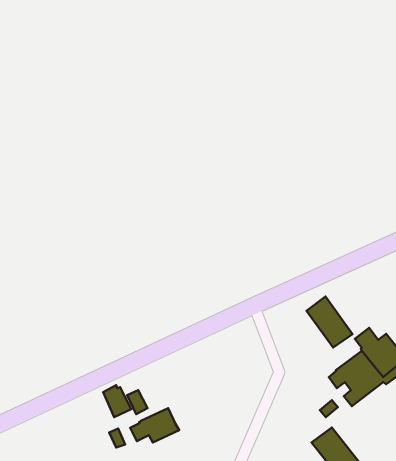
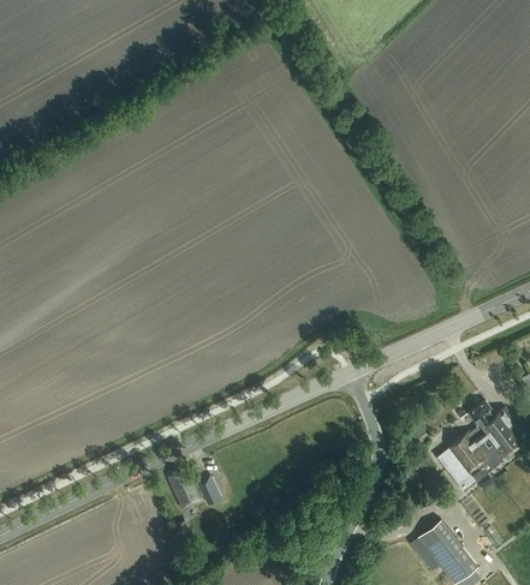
building: [307,297,353,348] -> none
building: [130,408,179,443] -> none

